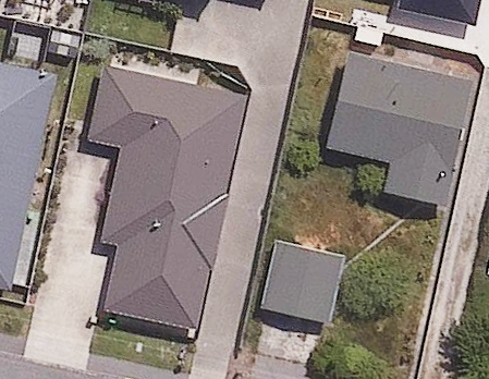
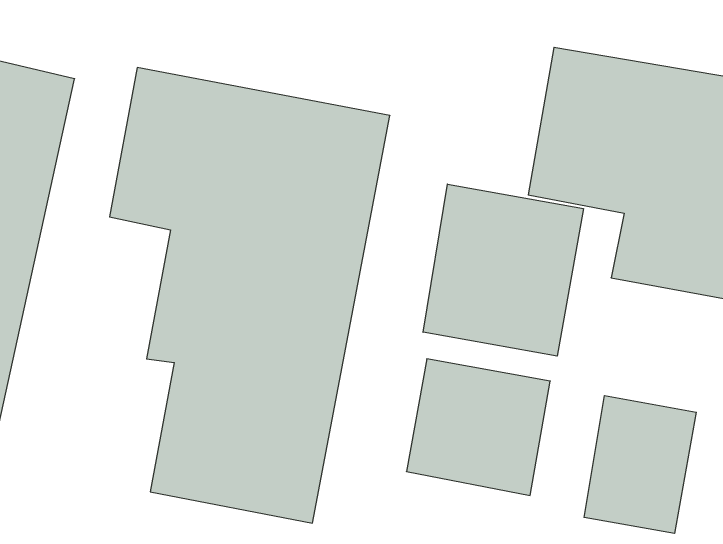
building: none -> [423,184,583,356]
building: none -> [584,396,696,533]

